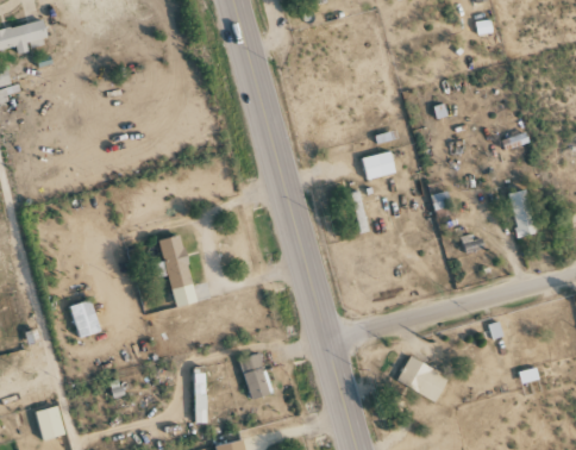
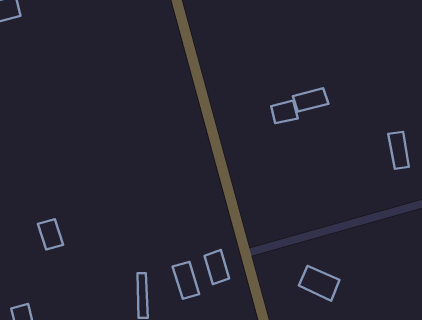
building: none -> [293,88,328,112]
building: [155,233,196,306] -> none
building: none -> [204,250,229,284]

